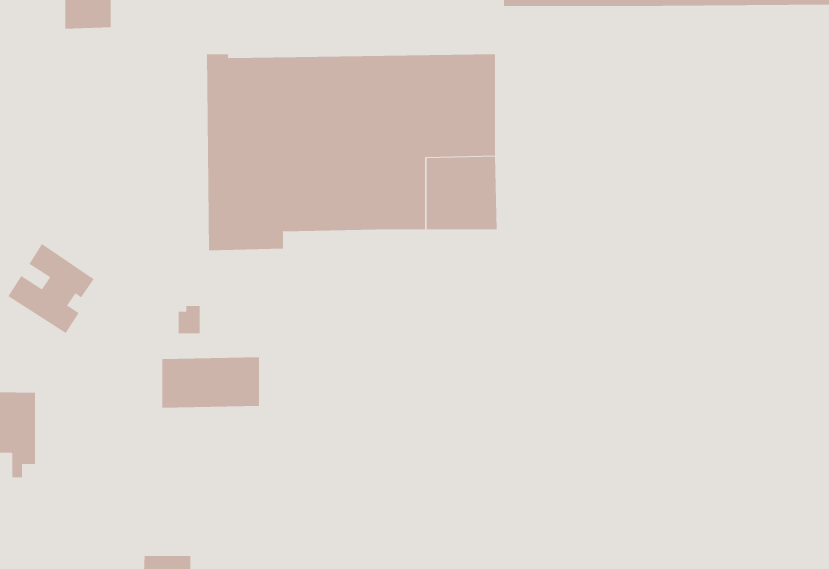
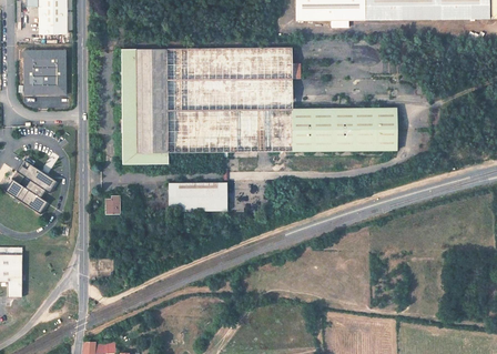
building: none -> [23,50,67,95]
building: none -> [292,109,396,152]
building: [161,357,260,408] -> [169,182,226,212]

